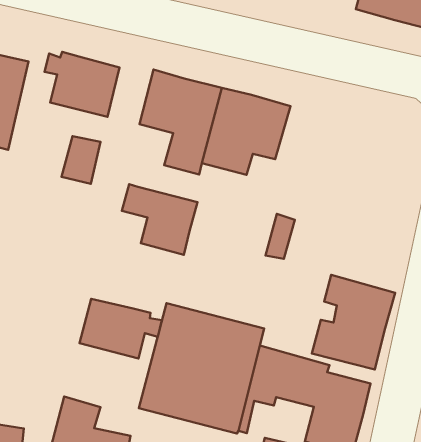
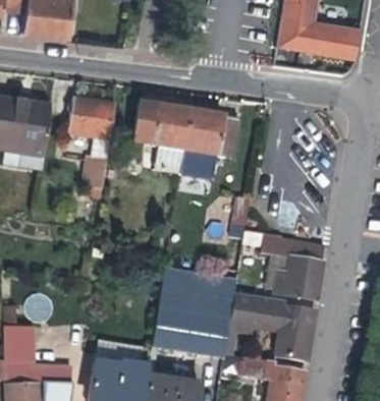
building: [122,184,198,255] -> none
building: [79,299,162,359] -> none

